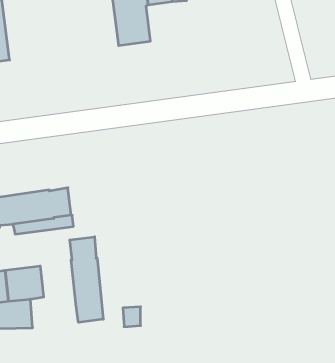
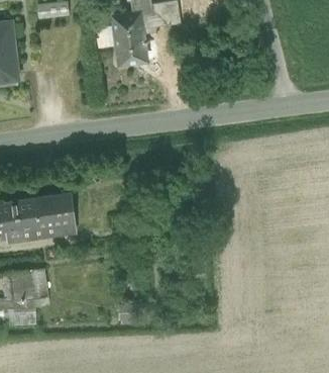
building: [70,237,103,322] -> none

